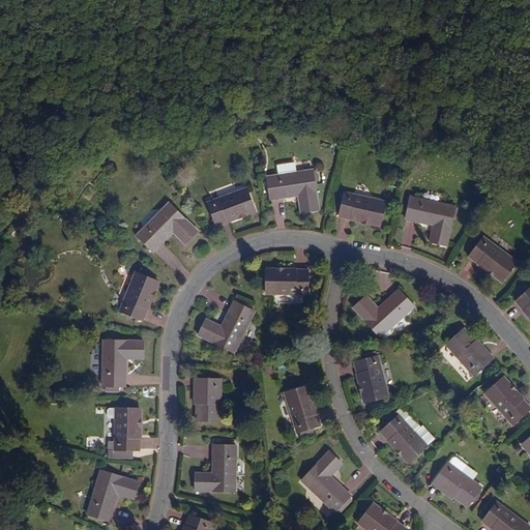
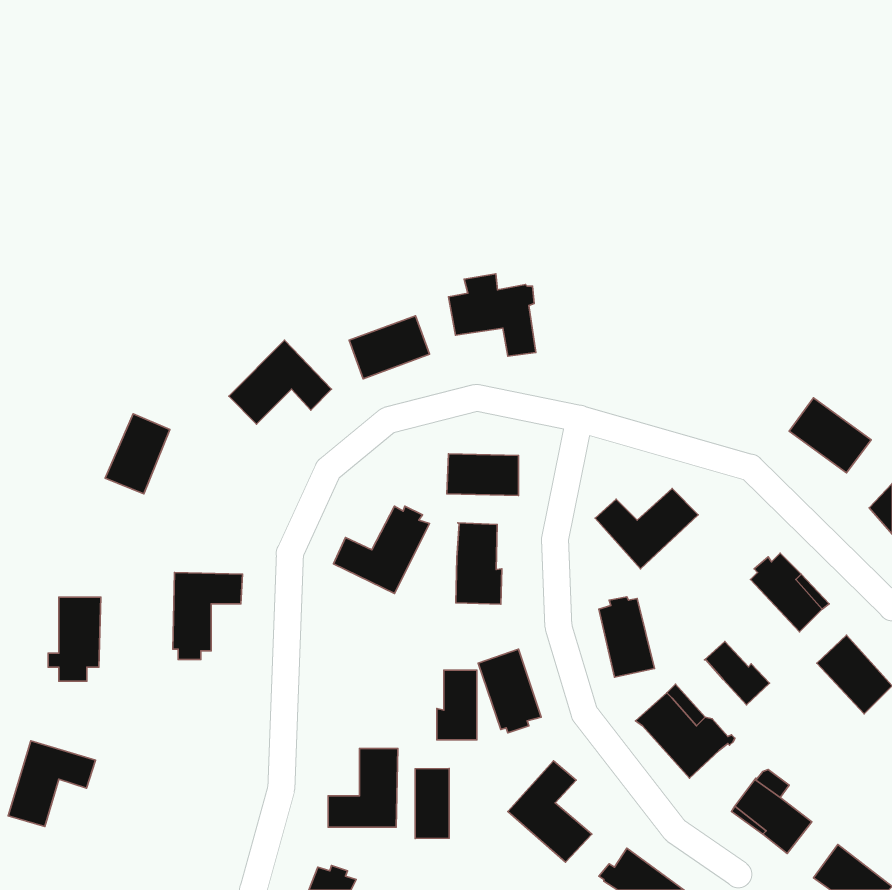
building: [338,192,385,225] -> none
building: [406,196,458,245] -> none
building: [119,272,157,320] -> [105,414,170,494]
building: none -> [456,523,502,604]
building: [196,379,219,420] -> [437,670,477,740]
building: none -> [705,641,770,705]
building: [109,408,140,458] -> [48,597,101,681]
building: none -> [415,769,449,838]
building: [87,470,139,521] -> [8,741,95,826]

